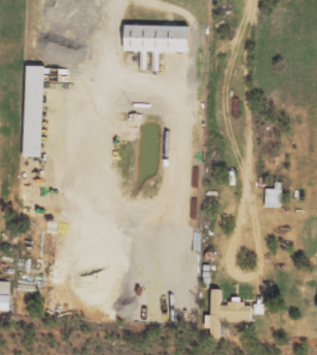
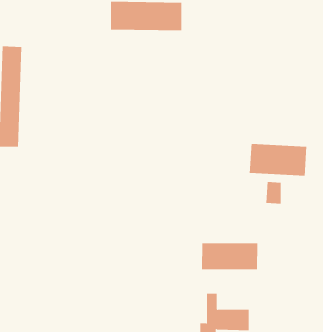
building: none -> [249,143,307,177]
building: none -> [202,243,258,270]

